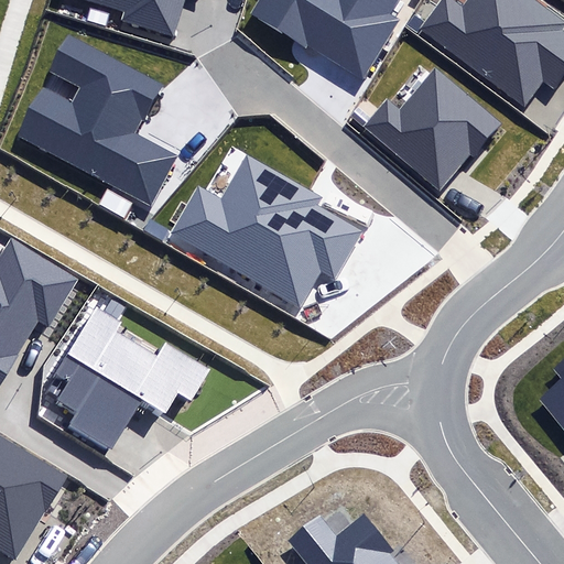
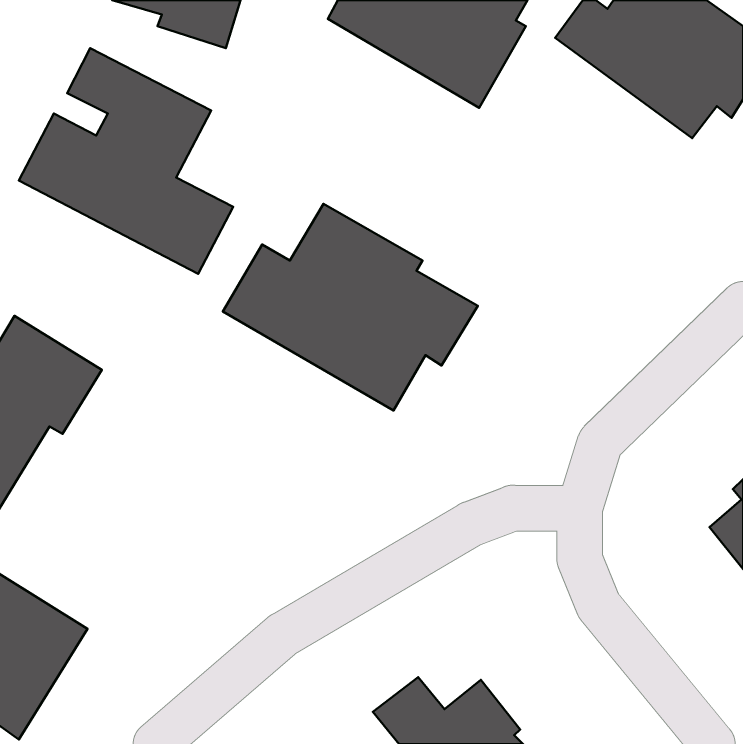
building: [362,66,503,187] -> none
building: [55,305,209,451] -> none

